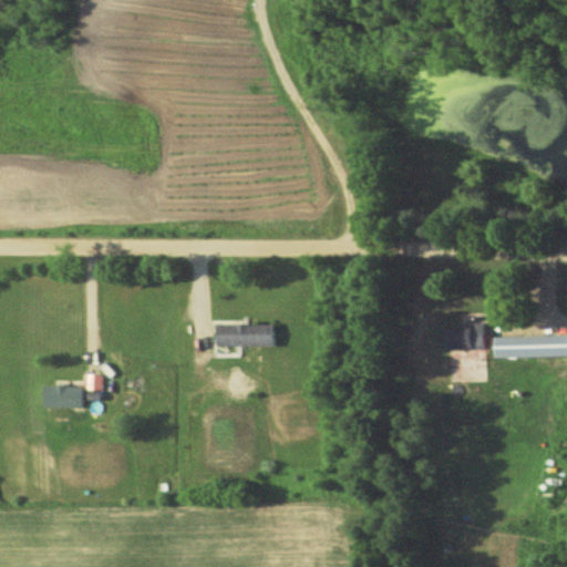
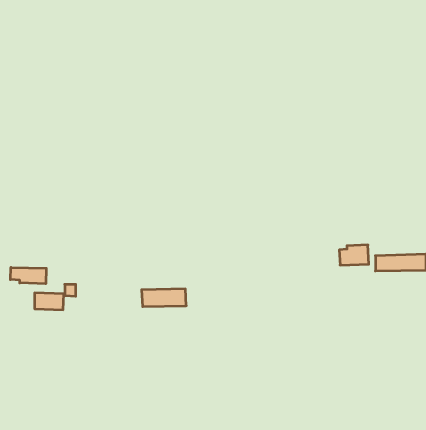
building: [216,323,275,347] -> [142,289,186,307]
building: none -> [10,267,46,284]

